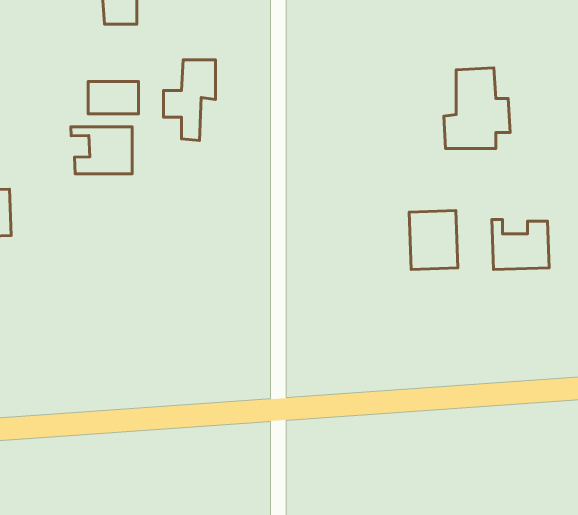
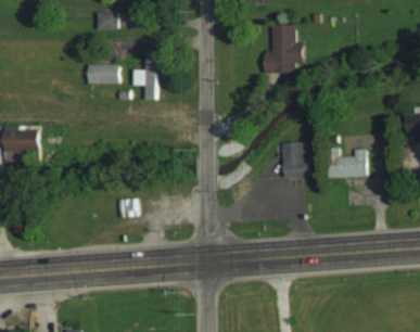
building: [444,68,510,149] -> [263,24,303,73]
building: [71,127,132,174] -> none

